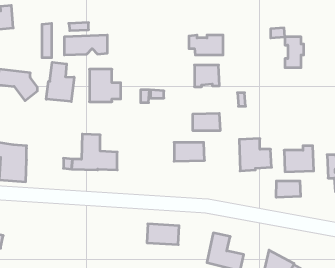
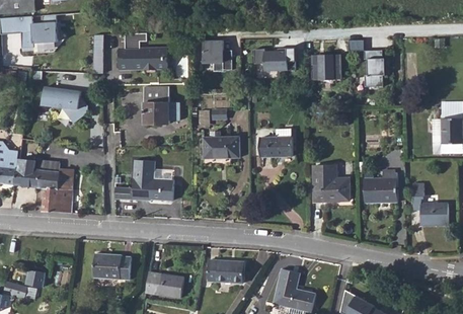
building: none -> [202,40,231,71]
building: [46,62,74,102] -> none
building: [194,65,219,87] -> [311,54,339,78]
building: [174,142,205,161] -> [204,136,238,157]
building: [276,181,301,197] -> none
building: none -> [92,253,130,280]
building: none -> [146,272,184,298]

